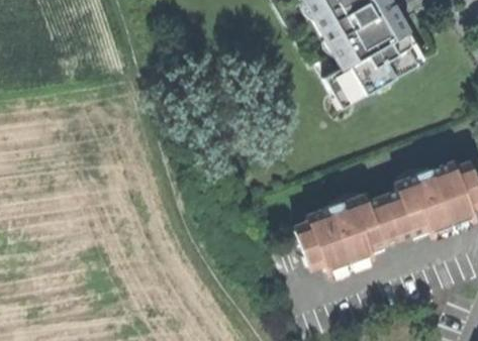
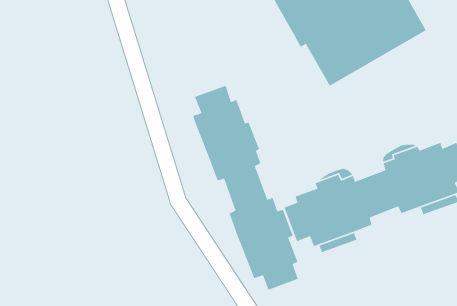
building: none -> [192,85,299,291]

